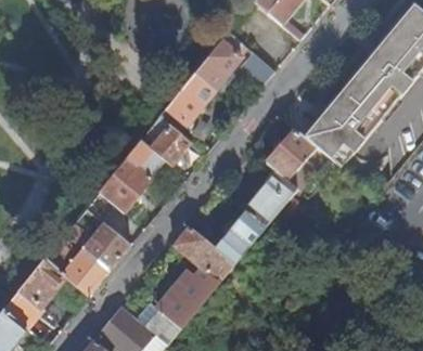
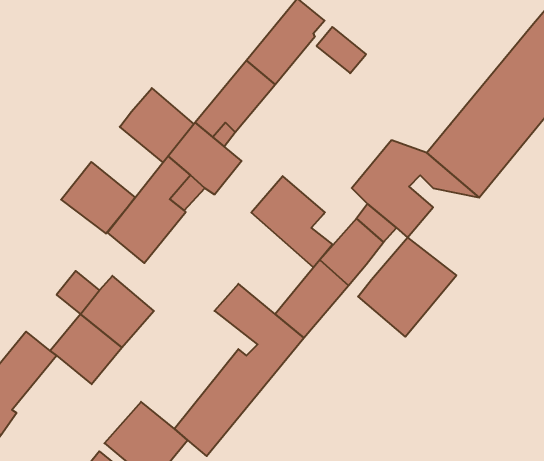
building: none -> [120,88,194,162]
building: none -> [61,162,135,234]
building: none -> [251,176,332,268]
building: none -> [358,237,456,337]

